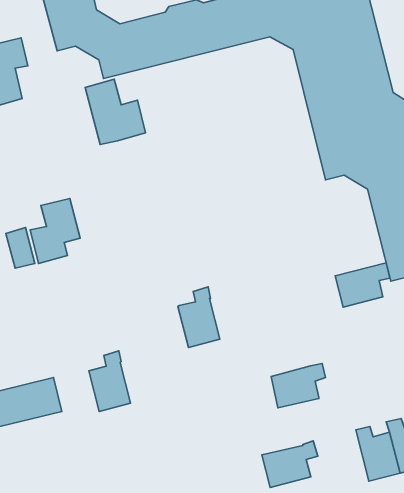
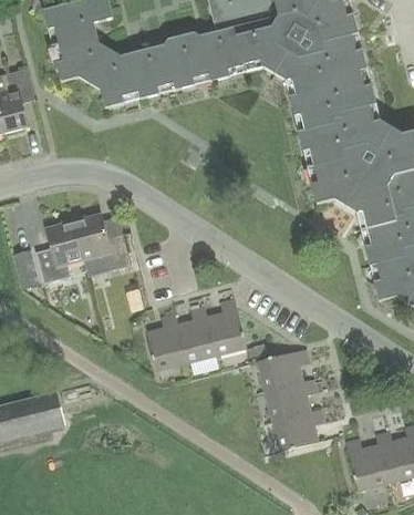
building: [85,79,145,144] -> [73,213,131,275]
building: [335,263,390,307] -> [257,348,309,390]
building: none -> [206,298,246,354]
building: [89,351,131,411] -> [146,312,186,370]
building: [262,441,318,487] -> [271,406,324,451]

